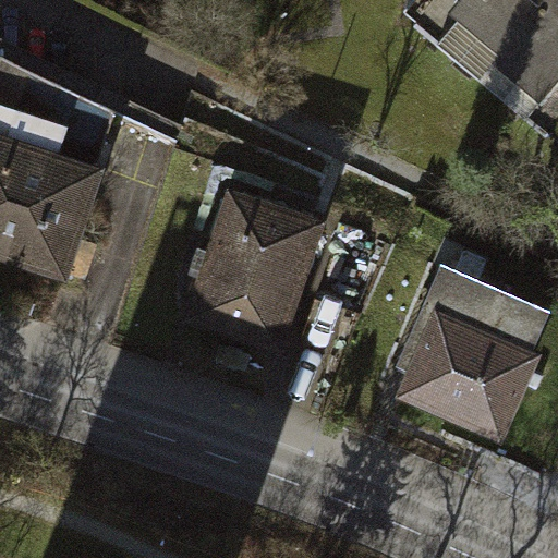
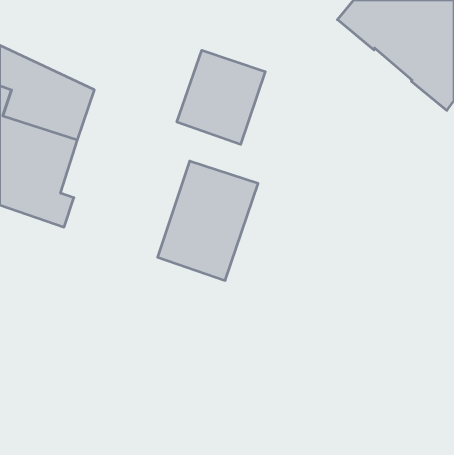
building: none -> [177,50,265,144]
building: [397,276,544,435] -> none

